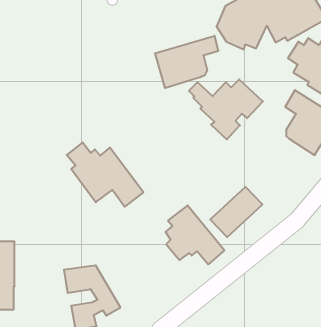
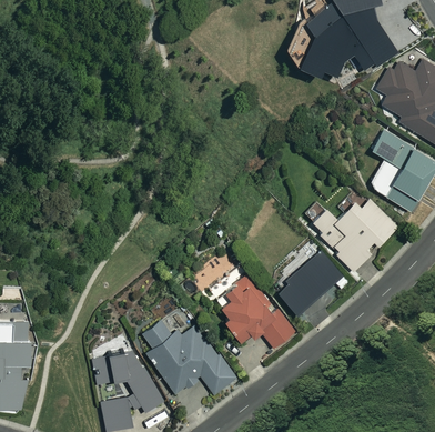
building: [155,36,218,88] -> none
building: [189,79,263,139] -> [307,198,401,273]
building: [67,142,143,207] -> [142,318,239,399]

